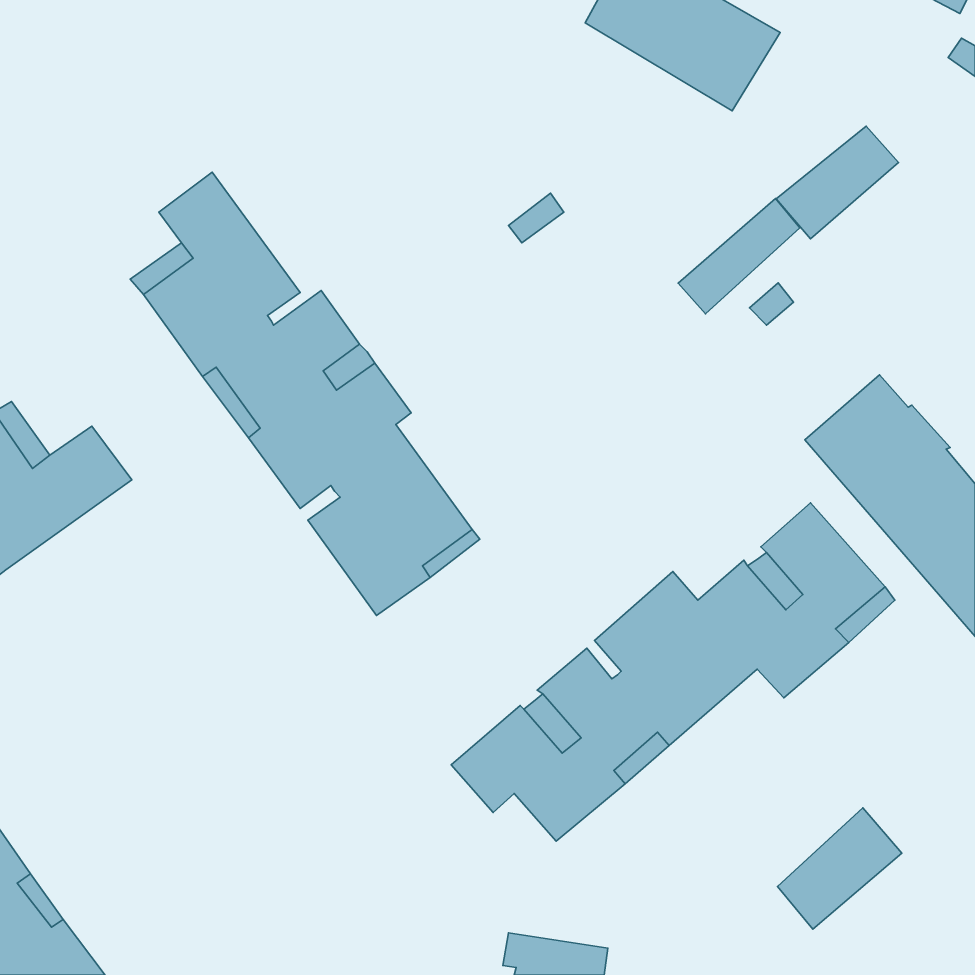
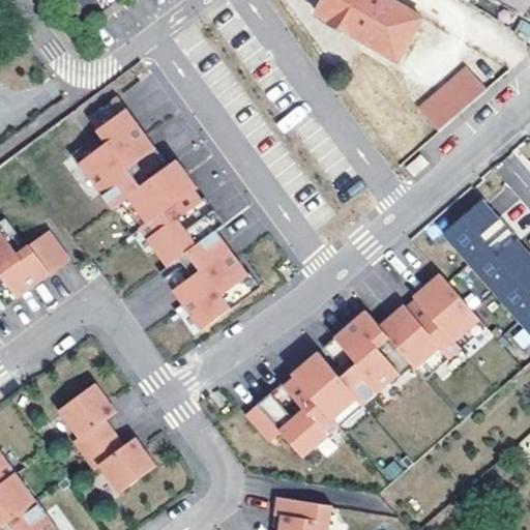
building: [678,199,800,314] -> none
building: none -> [59,382,156,492]
building: [777,808,902,929] -> none

